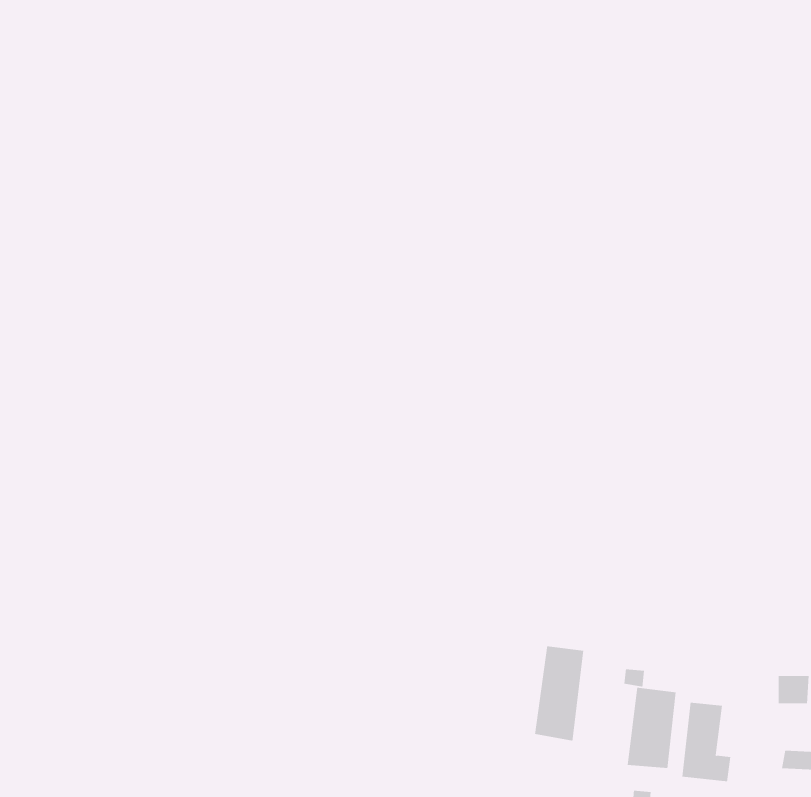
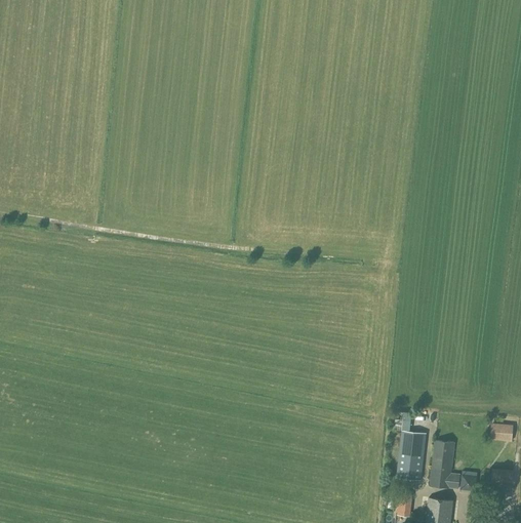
building: [534,645,584,741] -> none

